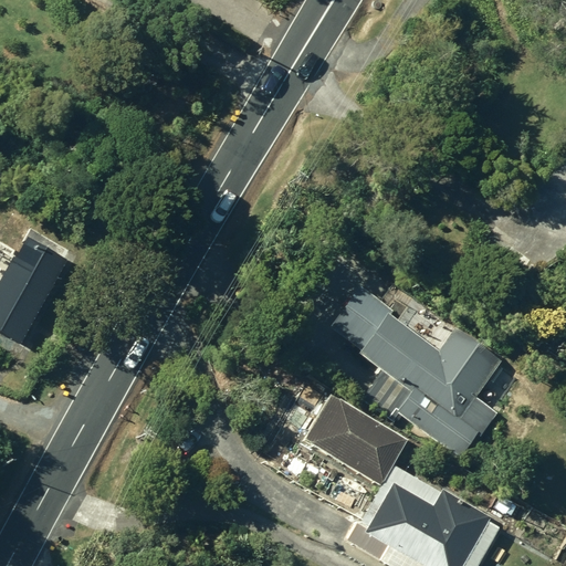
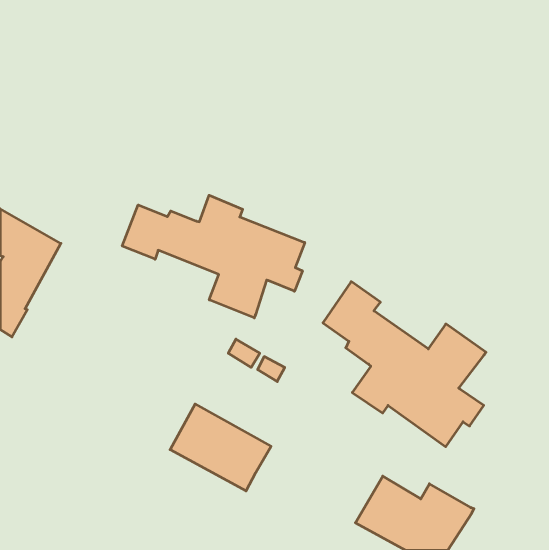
building: none -> [122,195,305,318]
building: [304,396,407,484] -> [170,404,271,491]

